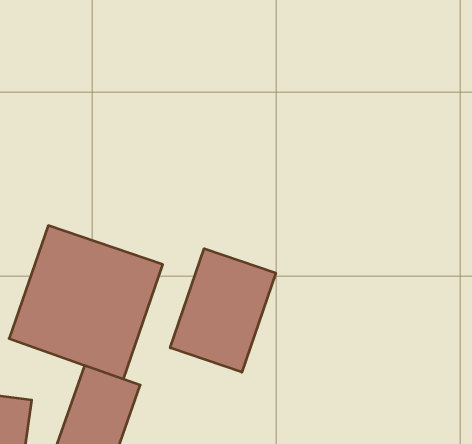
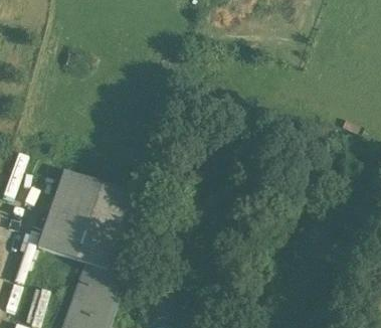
building: [170,249,276,372] -> none

